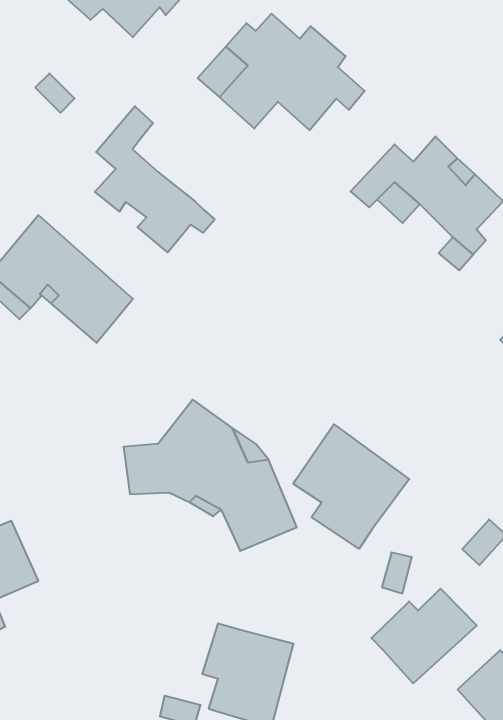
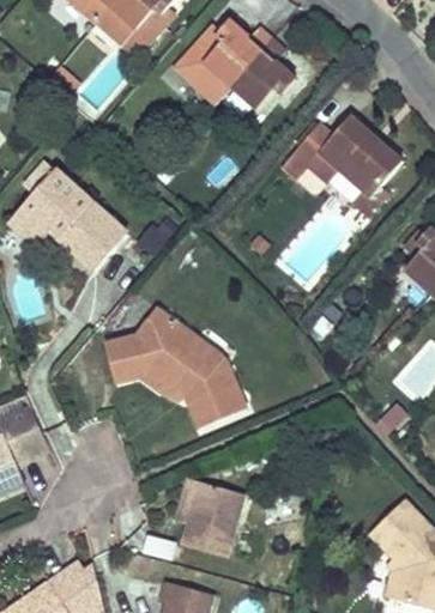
building: [95,106,215,252] -> none
building: [293,424,409,549] -> none
building: [371,589,477,683] -> none

